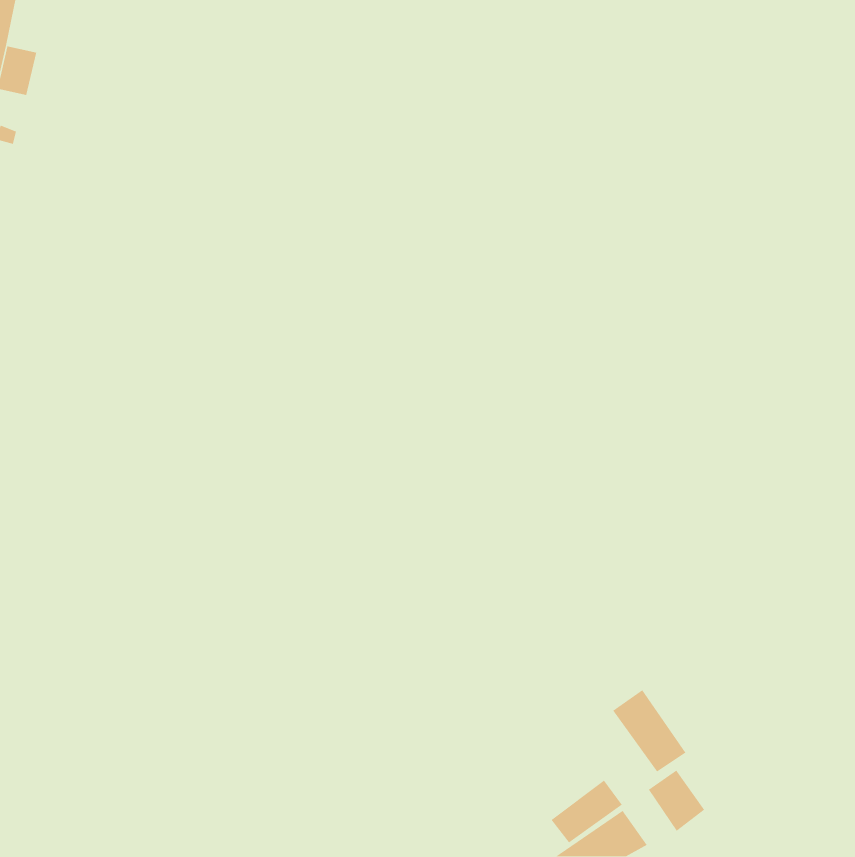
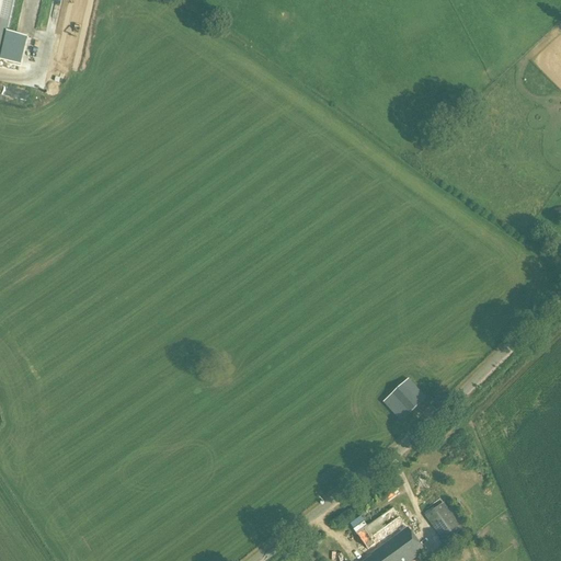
building: none -> [379,377,423,420]
building: [612,689,687,773] -> none

